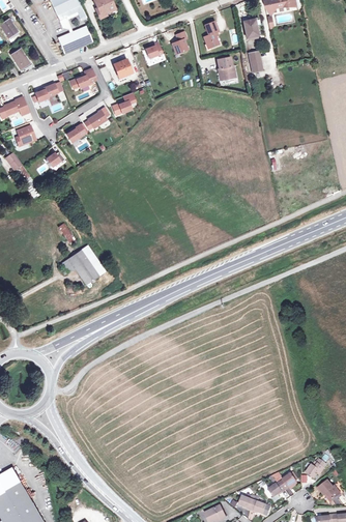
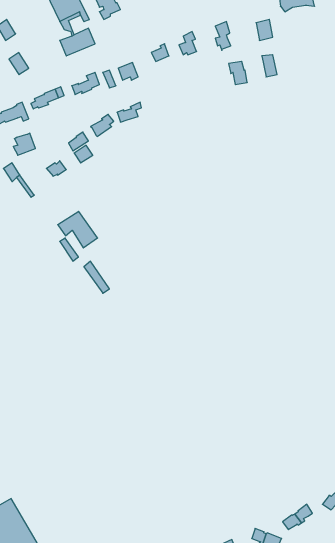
building: [61,251,98,285] -> [58,211,98,248]

